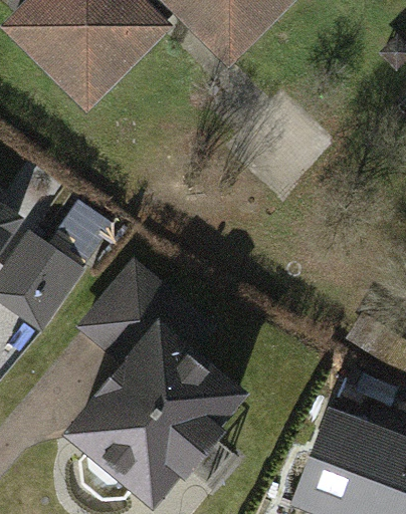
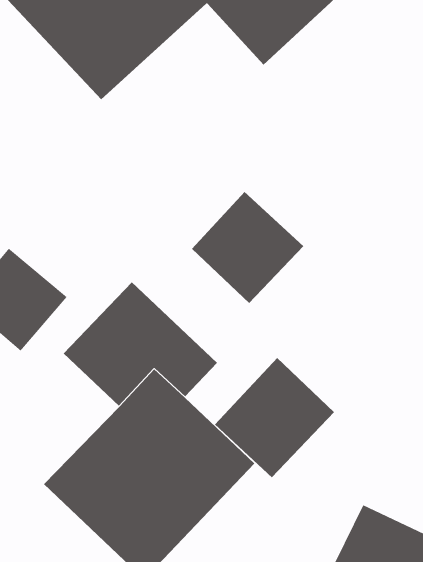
building: none -> [191,191,304,304]
building: none -> [214,357,335,478]

